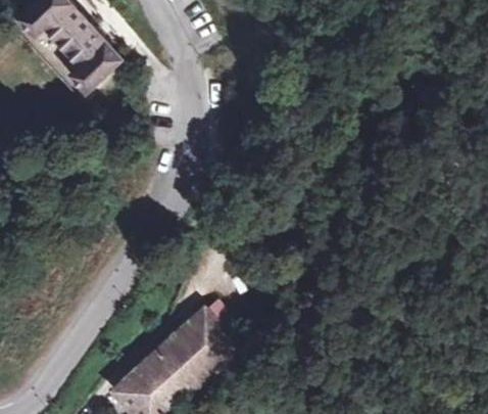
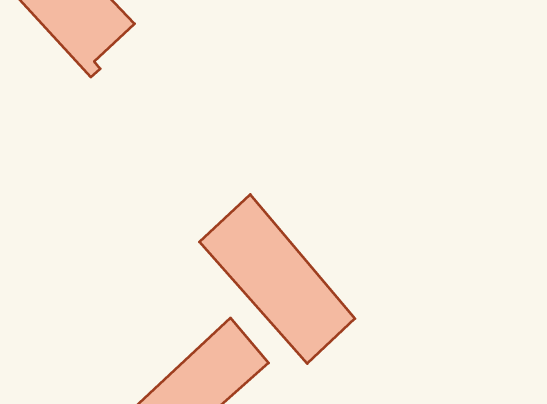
building: none -> [199,194,355,364]

